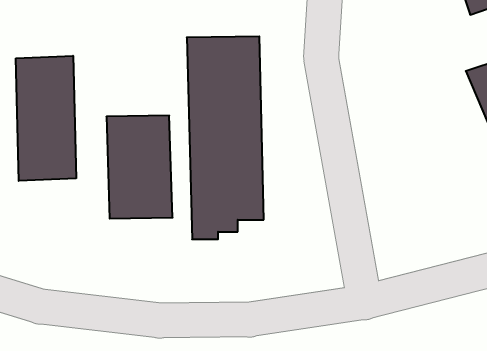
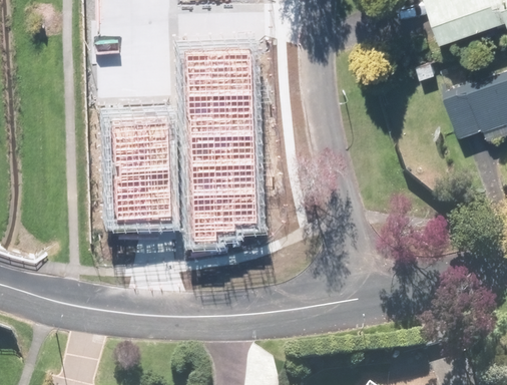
building: [16,56,76,181] -> none

